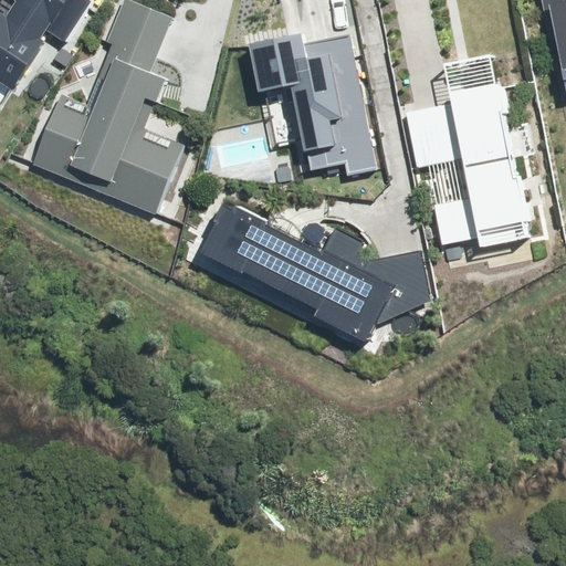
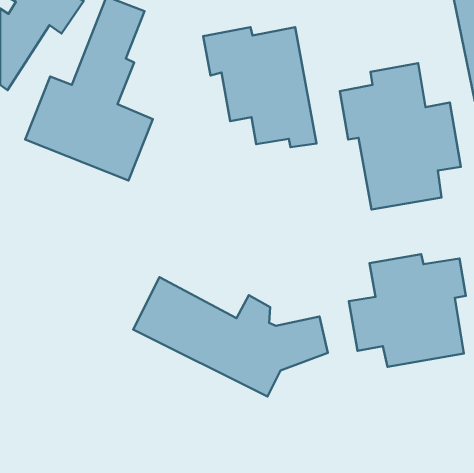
building: [202,203,433,345] -> [133,277,328,397]
building: none -> [349,254,466,367]

